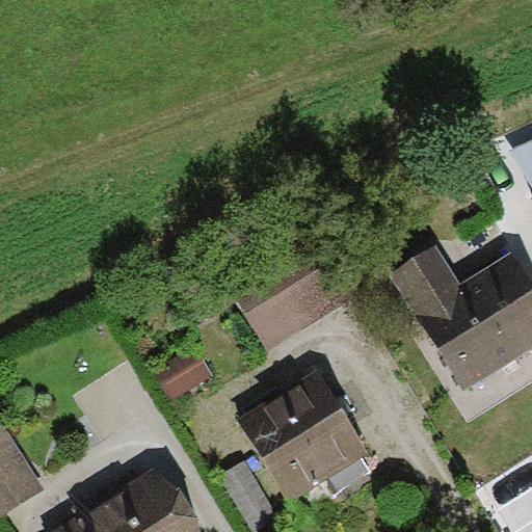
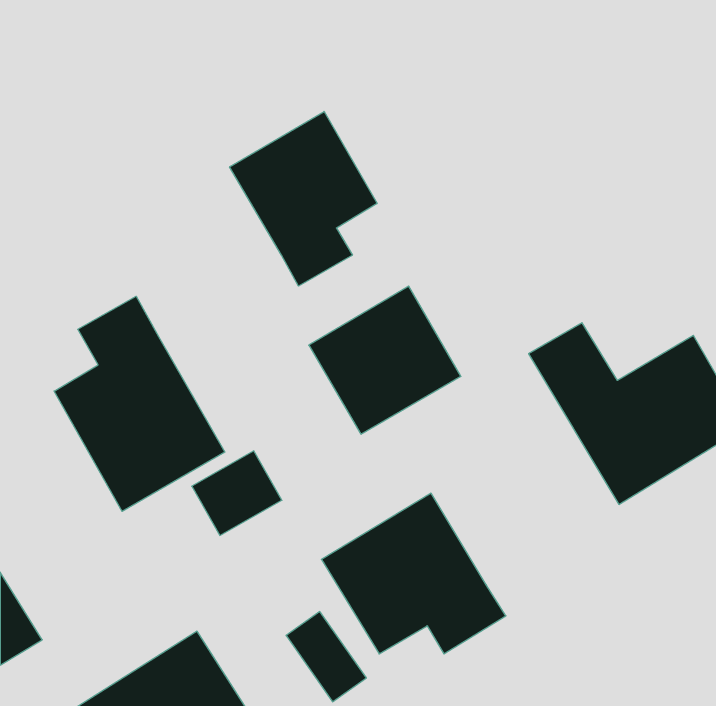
building: none -> [230,111,377,286]
building: none -> [54,296,225,511]

